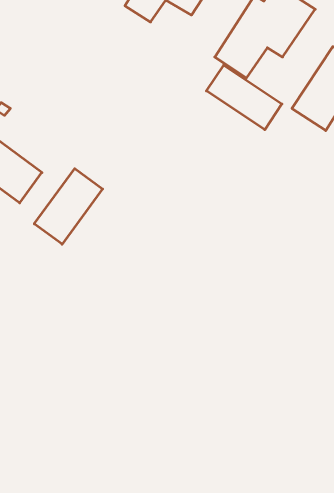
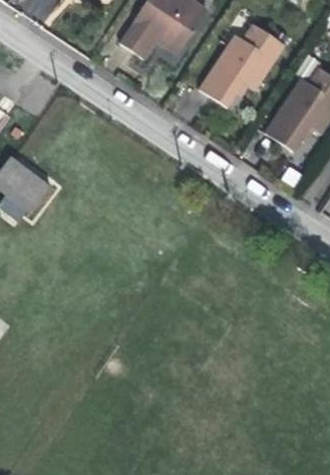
building: [206,65,282,130] -> none
building: [34,169,103,244] -> none

